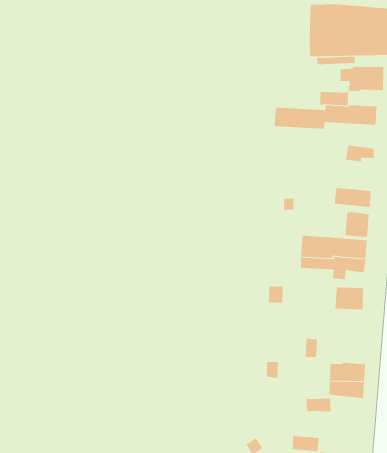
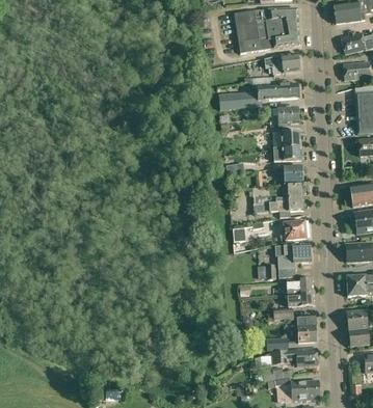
building: none -> [272,131,300,148]
building: none -> [277,244,310,277]
building: none -> [297,316,317,342]

